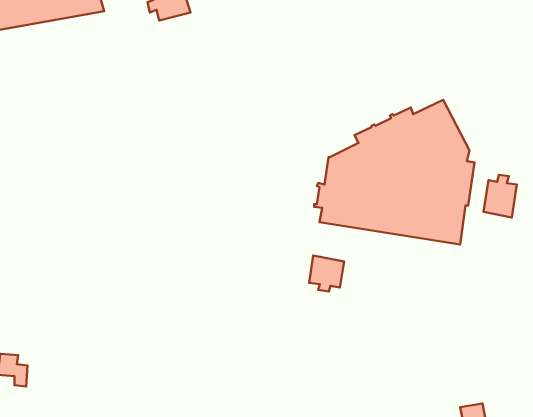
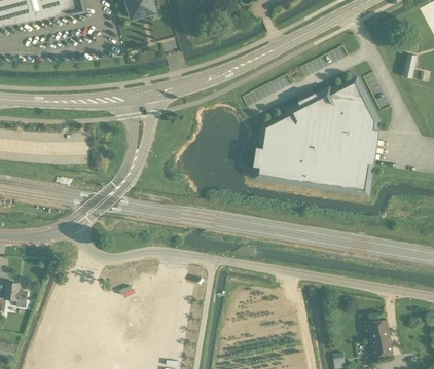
building: [483,175,517,218] -> none
building: [309,255,344,292] -> none

